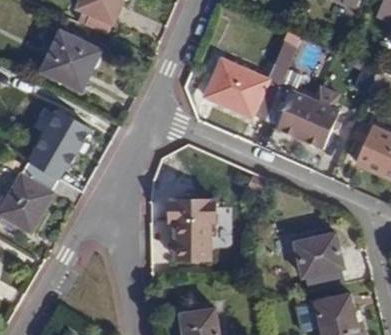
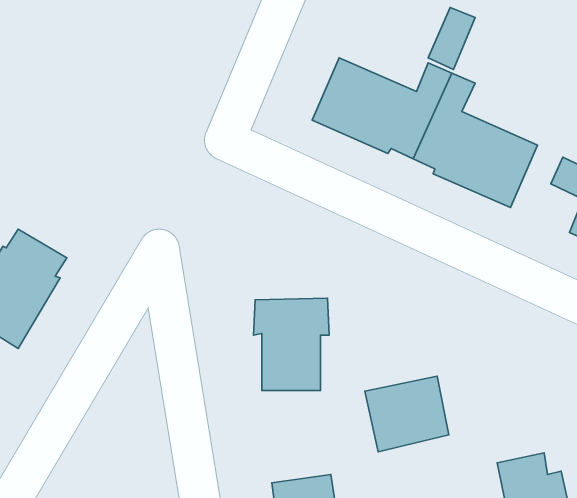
building: [41,30,101,90] -> none
building: [30,109,92,179] -> none
building: [294,233,344,278] -> [365,376,449,452]

